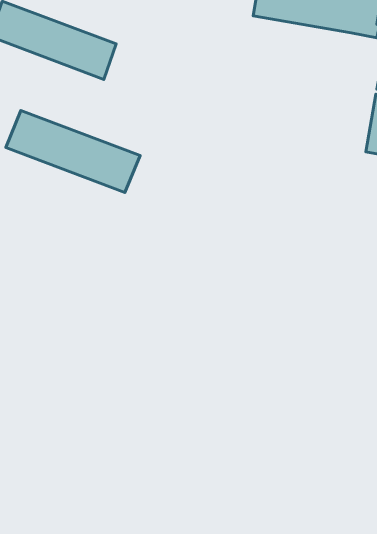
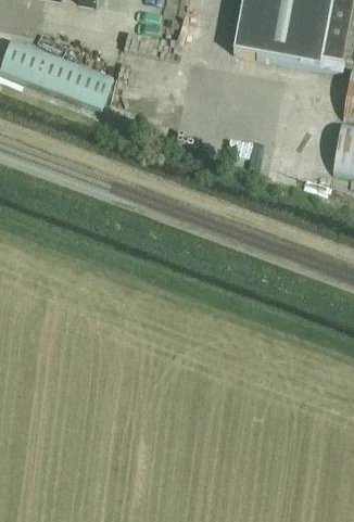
building: [6,111,140,192] -> none

